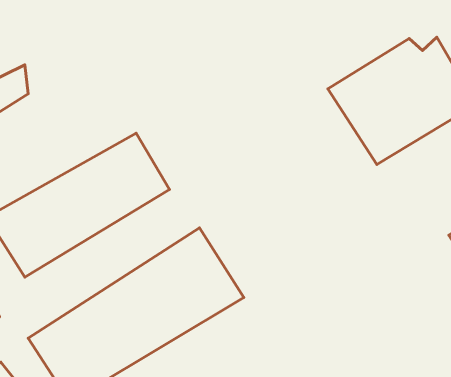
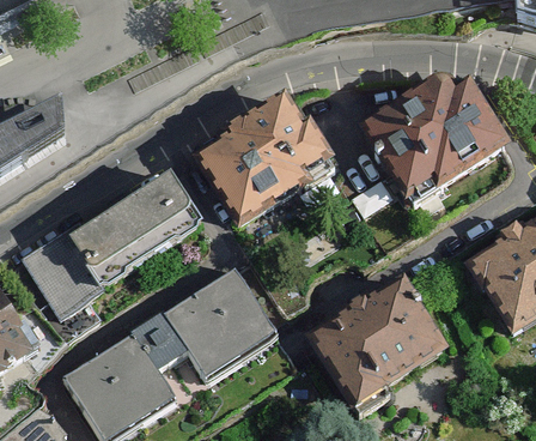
building: none -> [197,95,331,222]
building: none -> [315,277,447,406]

